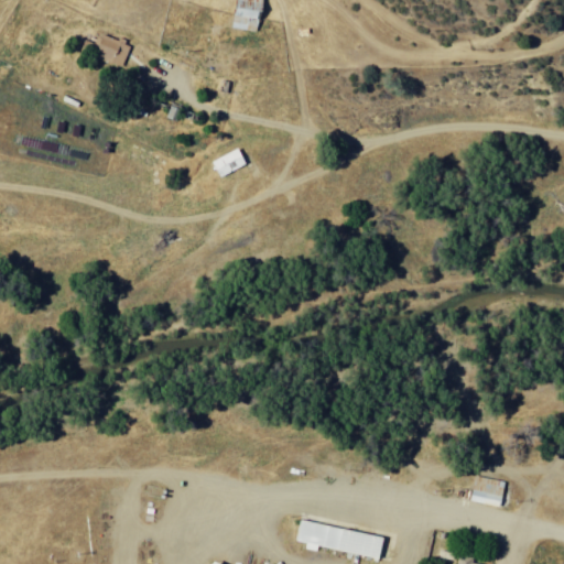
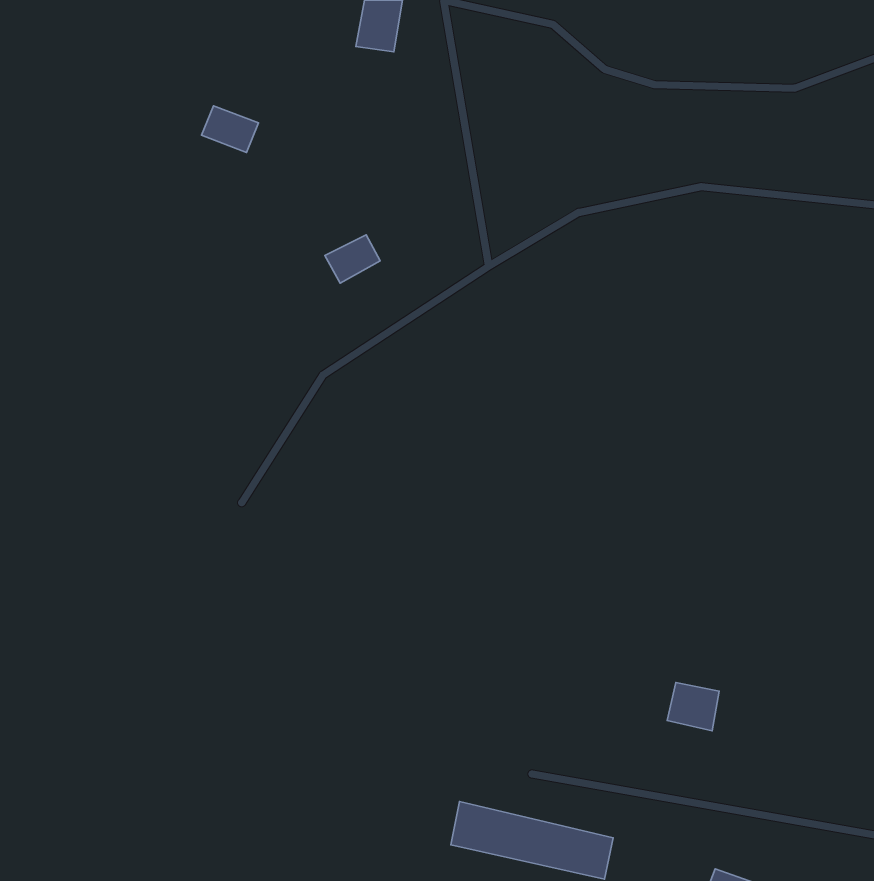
building: [95,36,131,66] -> [202,106,259,152]
building: [471,476,505,507] -> [667,682,719,731]

